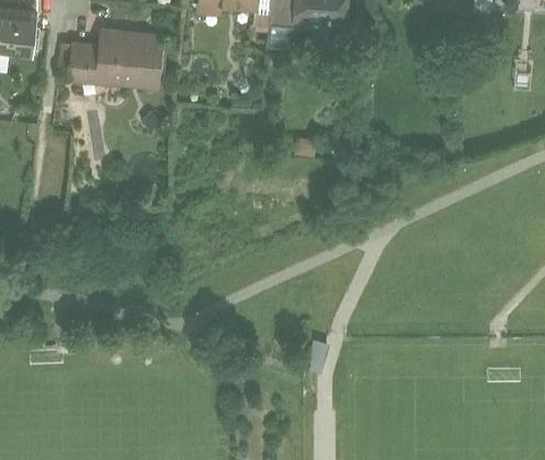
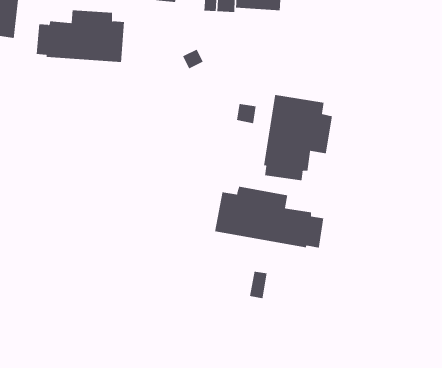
building: none -> [263,94,333,181]
building: none -> [215,186,324,248]

